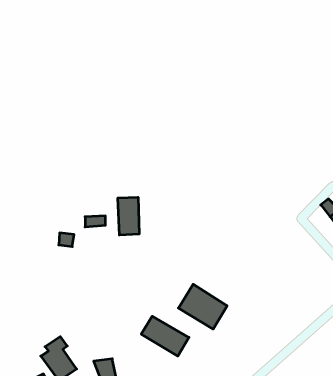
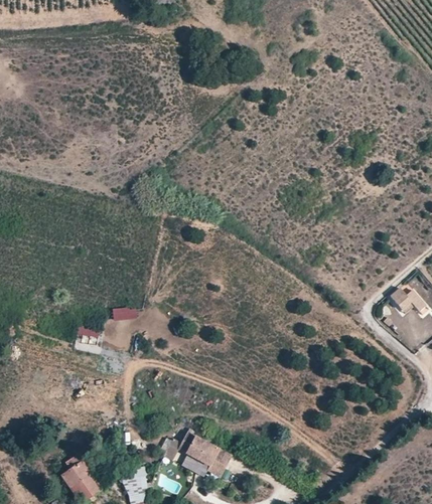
building: [118,197,139,235] -> none
building: [178,284,227,329] -> none

